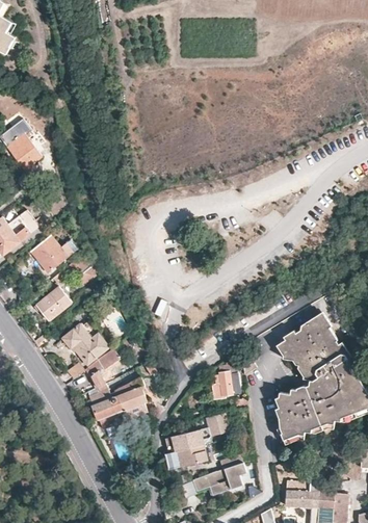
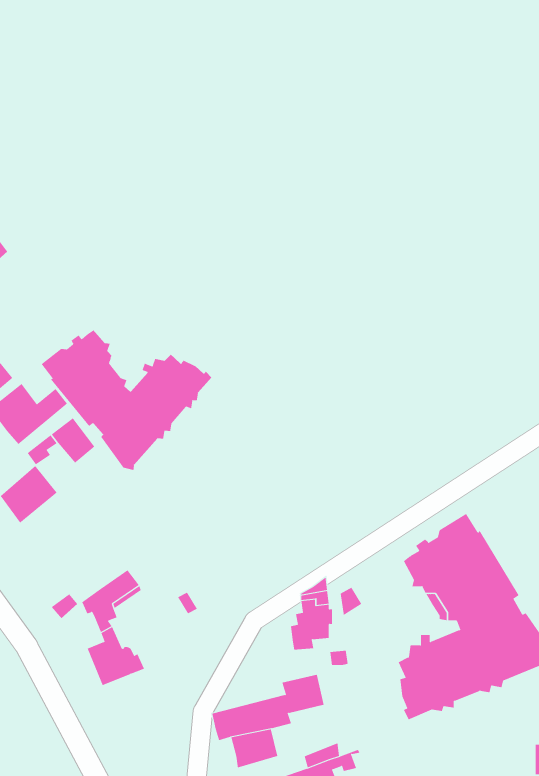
building: none -> [41,330,212,471]
building: [62,322,108,363] -> none
building: [110,377,148,412] -> none

